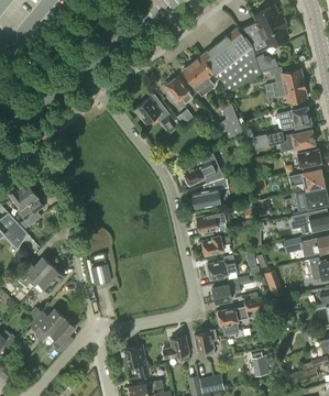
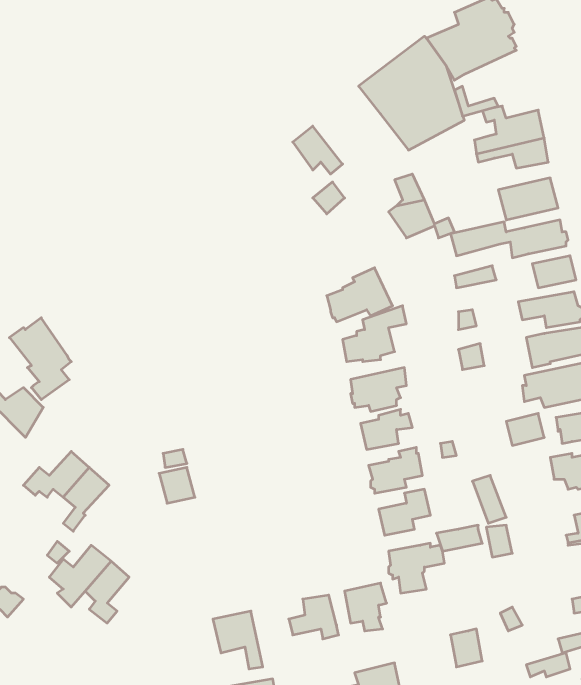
building: [182,55,215,95] -> none
building: [134,94,177,133] -> none

